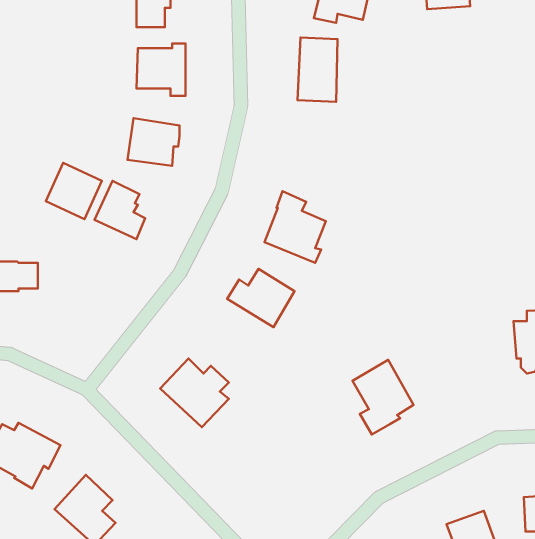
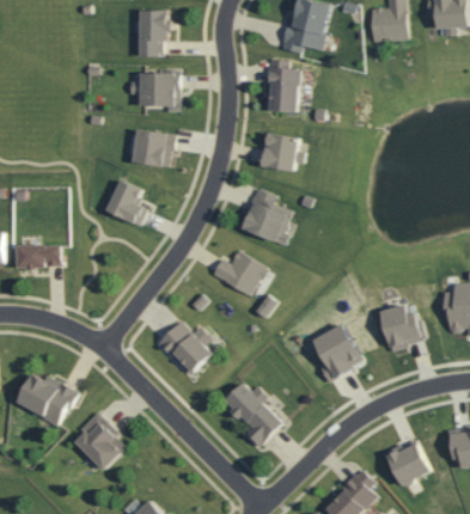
building: none -> [258,133,297,171]
building: [46,163,102,219] -> none
building: none -> [378,305,423,353]
building: none -> [222,383,281,447]

